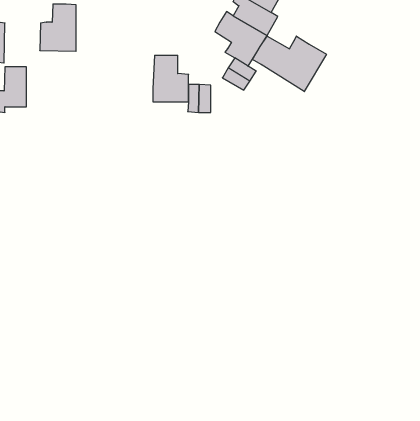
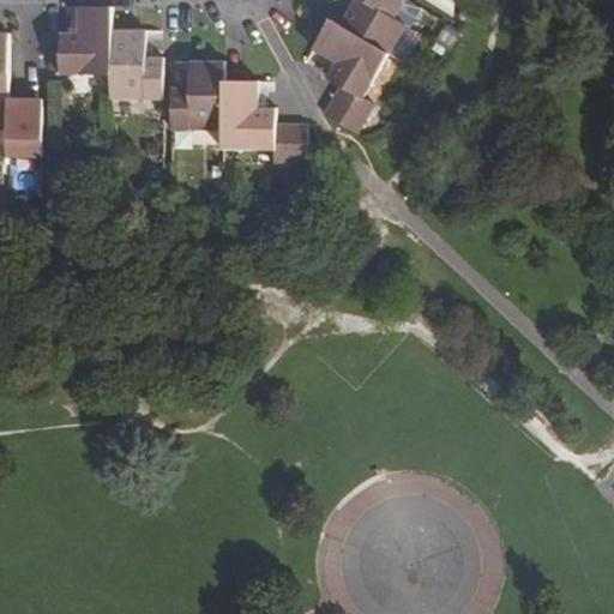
building: none -> [110,30,162,98]
building: [253,36,326,92] -> none
building: none -> [170,59,224,128]

